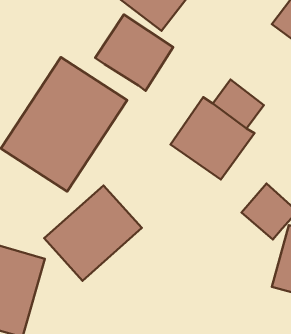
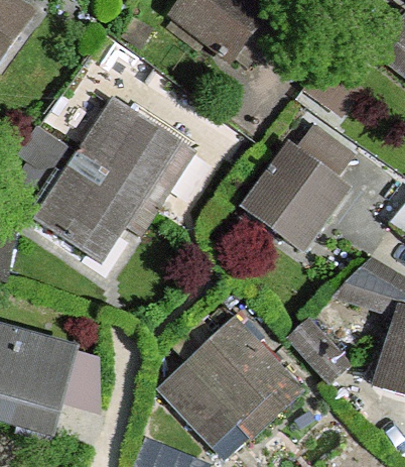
building: [95,15,173,91] -> none
building: [44,186,142,281] -> [164,319,287,439]

